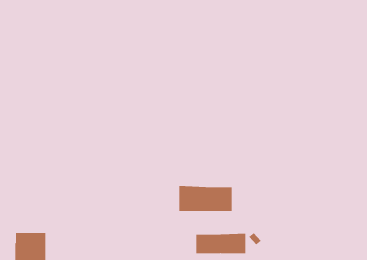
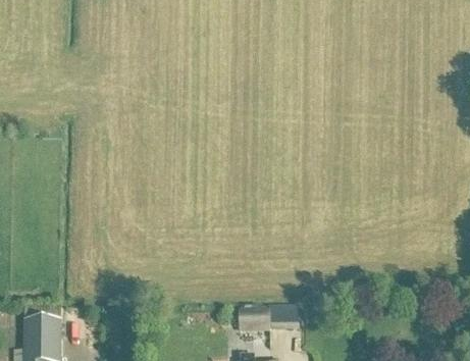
building: [179,185,232,212] -> none

